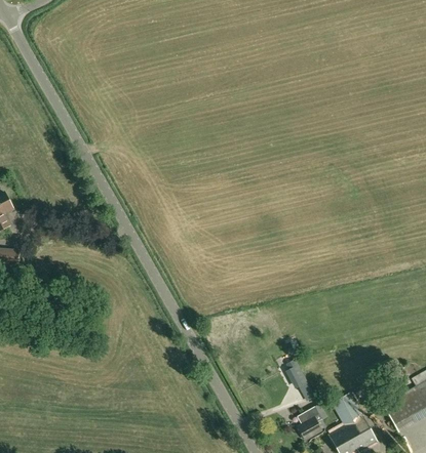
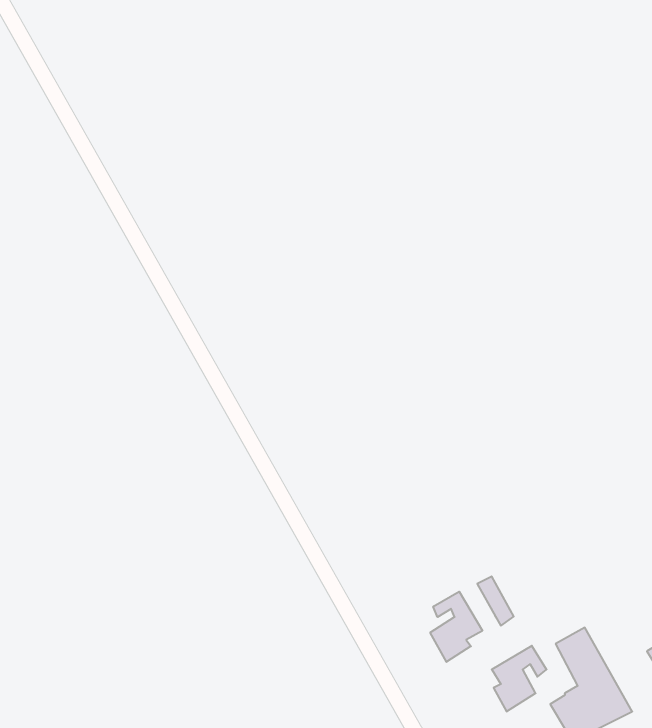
building: none -> [430,592,482,662]

